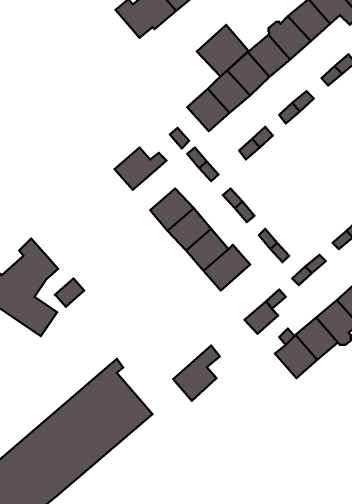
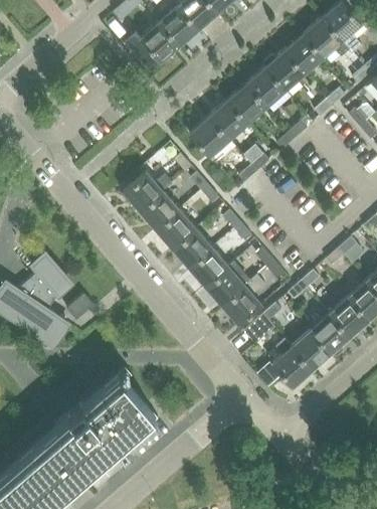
building: [197,25,248,77] -> none
building: none -> [140,191,179,230]
building: [173,346,220,401] -> [221,274,264,325]

